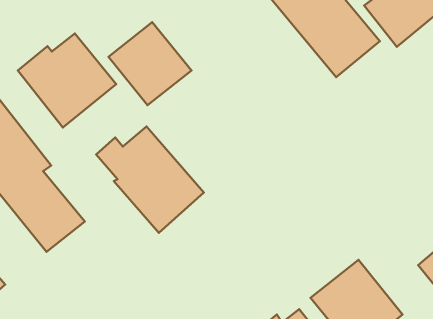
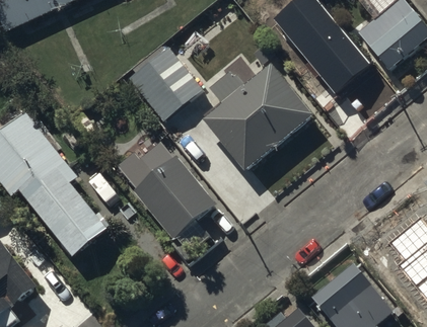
building: [18,33,116,128] -> none
building: none -> [200,64,312,171]

